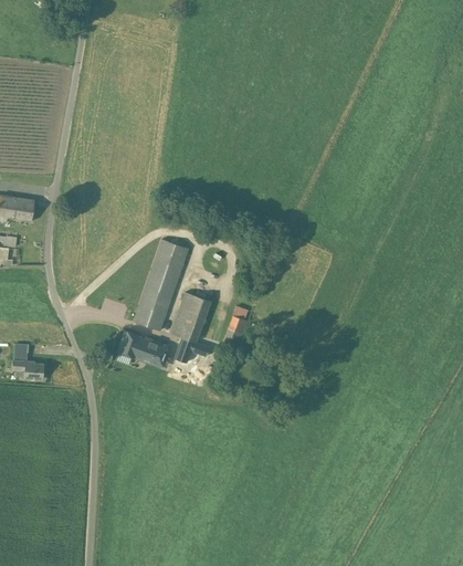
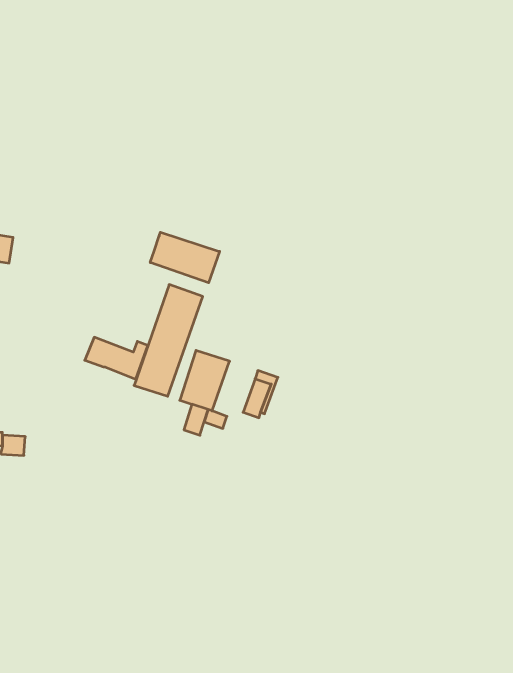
building: none -> [150,232,220,283]
building: [117,331,169,365] -> [85,337,148,379]

